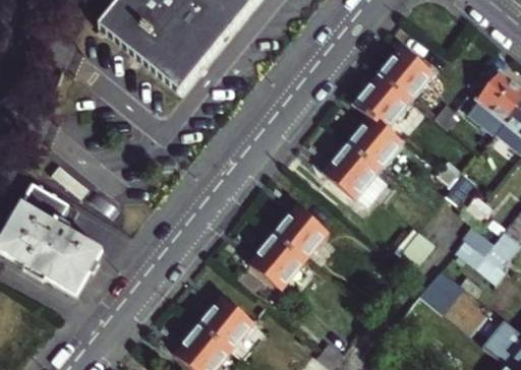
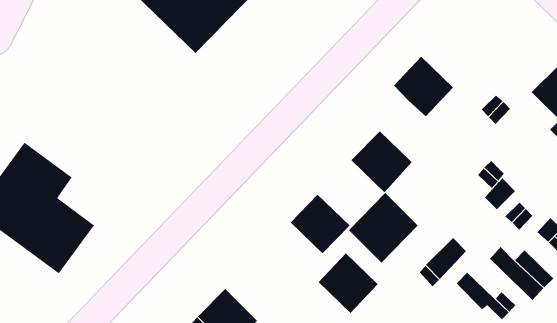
building: [377,47,430,100] -> none
building: [346,115,401,169] -> none
building: none -> [348,192,418,264]
building: [251,232,305,286] -> [318,252,379,314]

